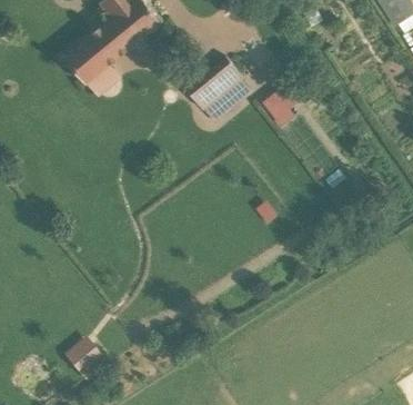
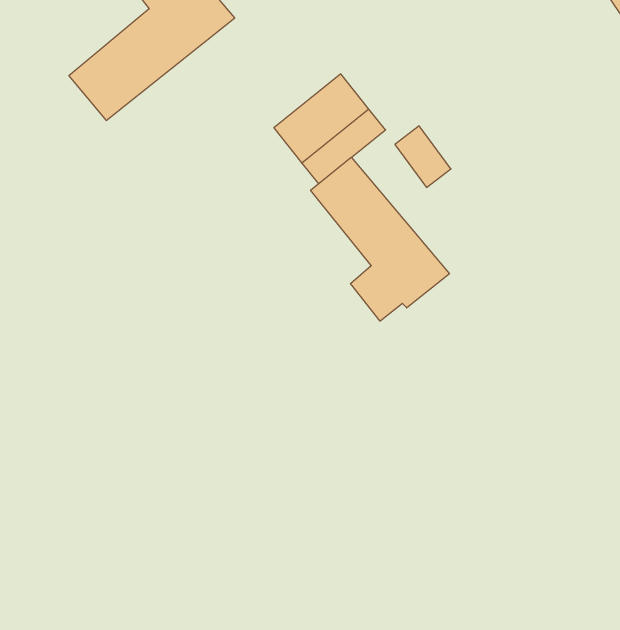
building: none -> [311,157,449,321]
building: [62,339,102,378] -> none

